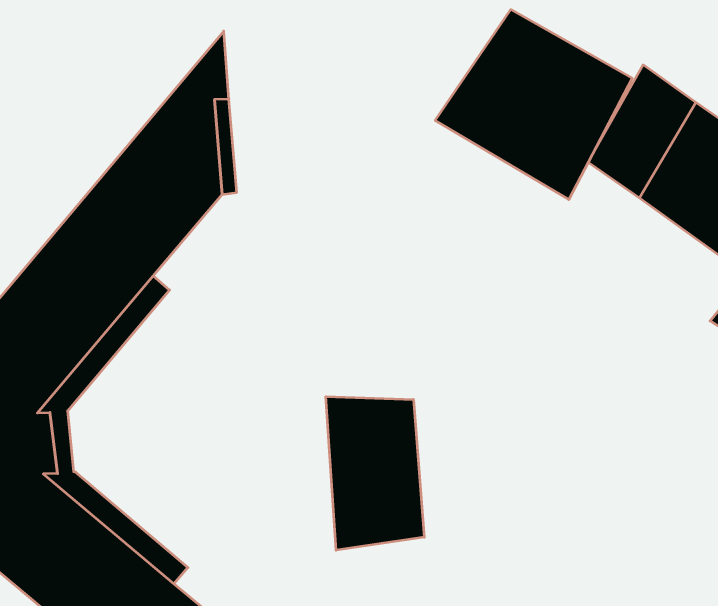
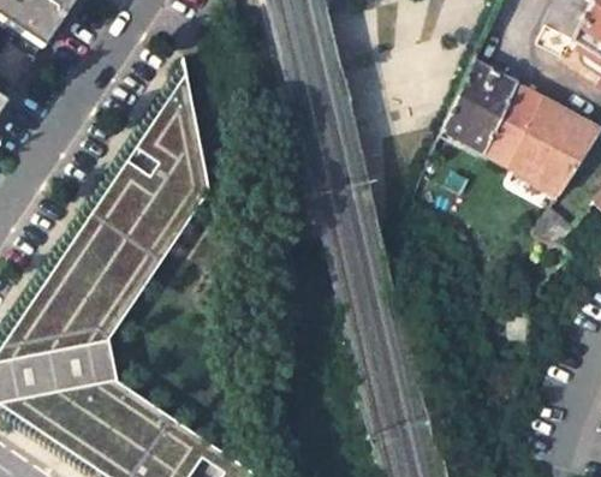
building: [435,10,632,200] -> none
building: [326,397,424,550] -> none

